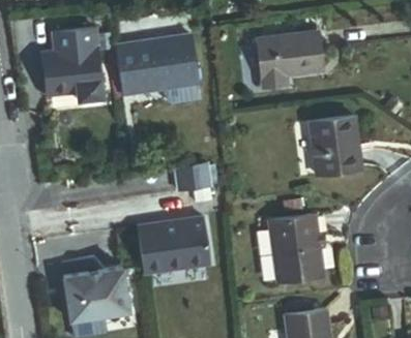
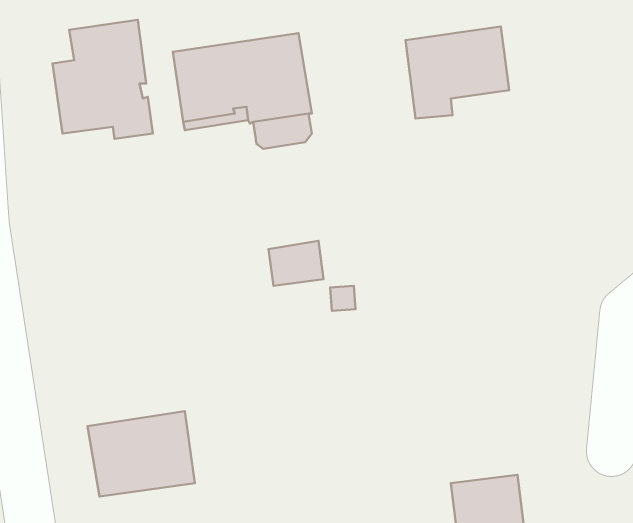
building: [311,115,362,174] -> none
building: [271,214,324,281] -> none
building: [136,218,209,274] -> none

